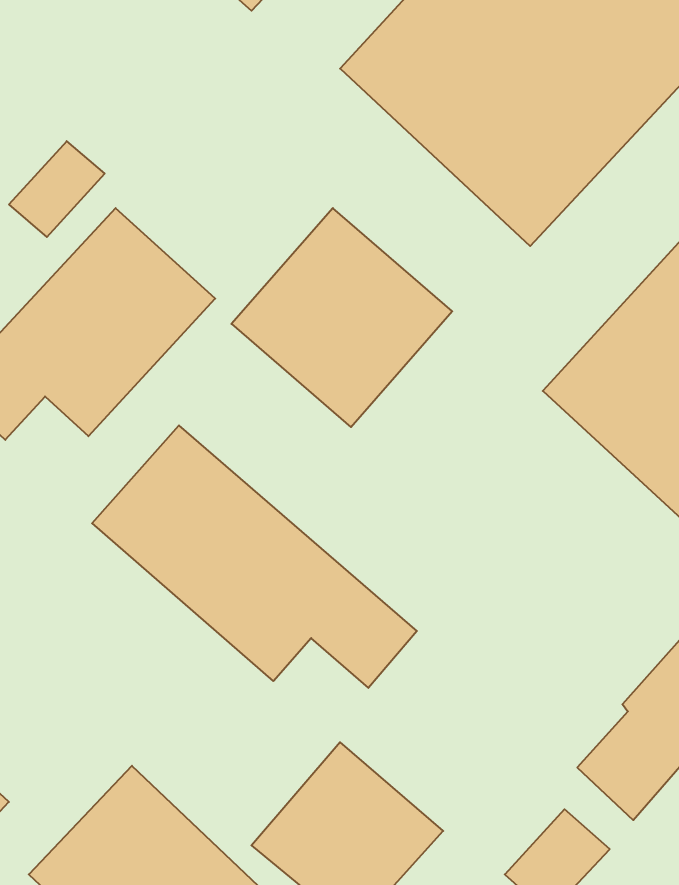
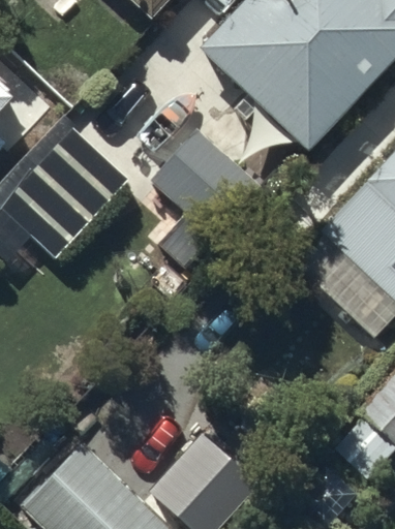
building: [92,425,417,688] -> none

